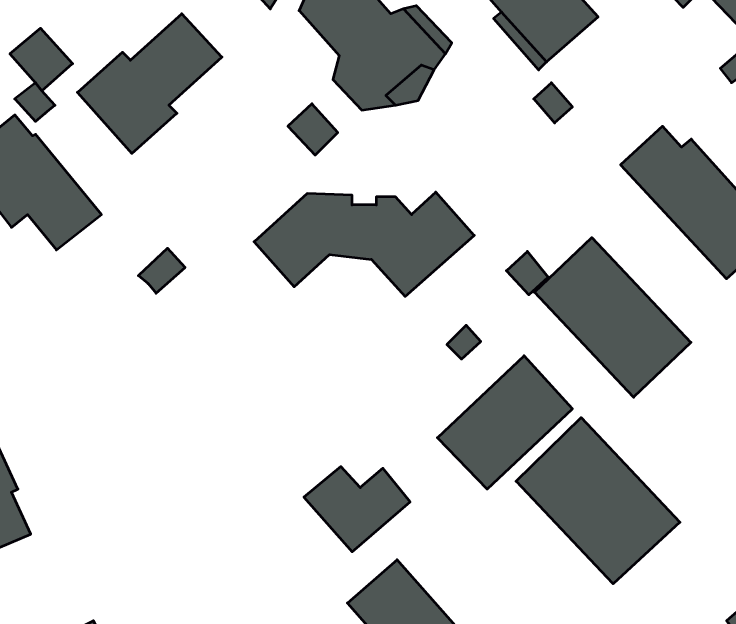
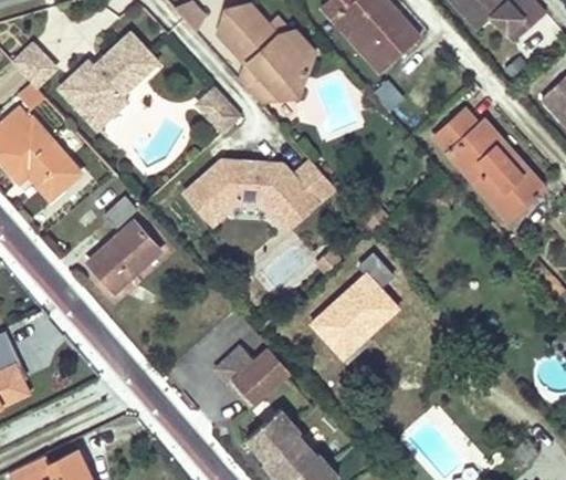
building: [534,238,691,397] -> none
building: none -> [88,221,159,290]
building: [516,418,680,584] -> none

